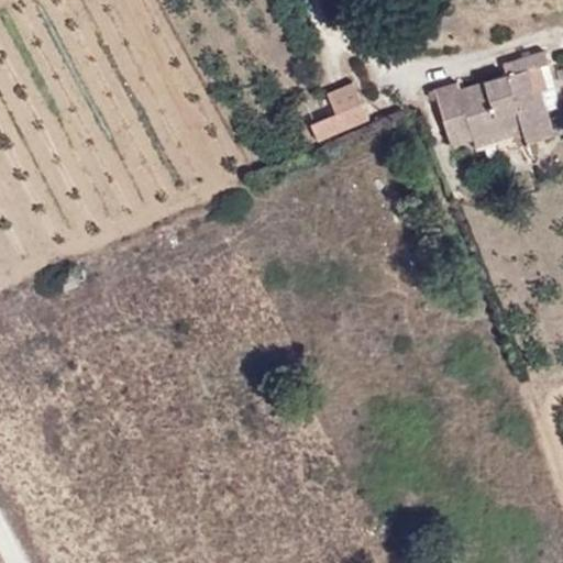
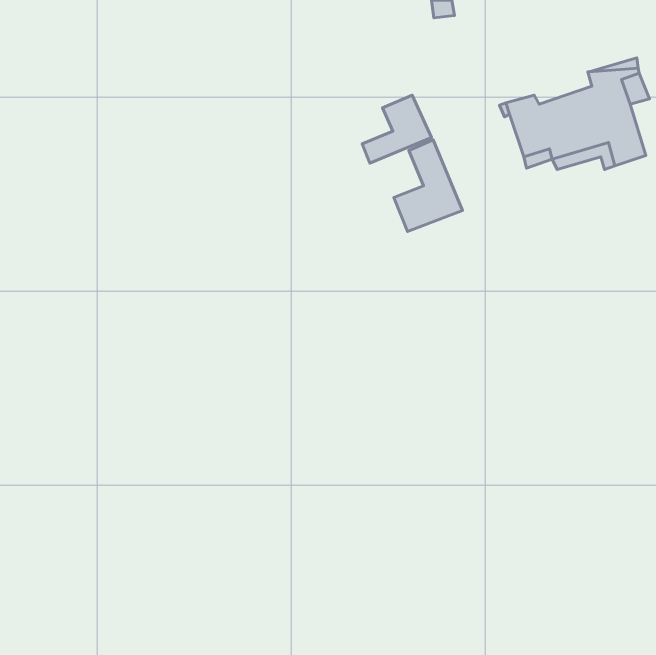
building: none -> [394,140,462,232]

